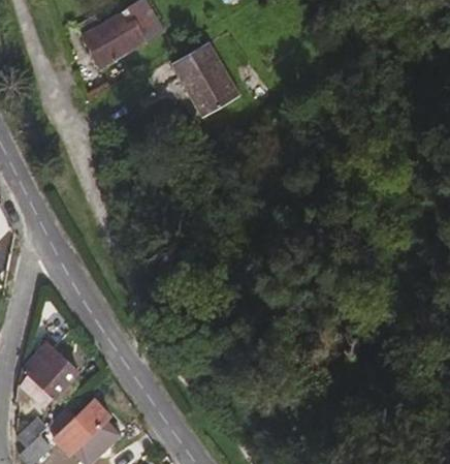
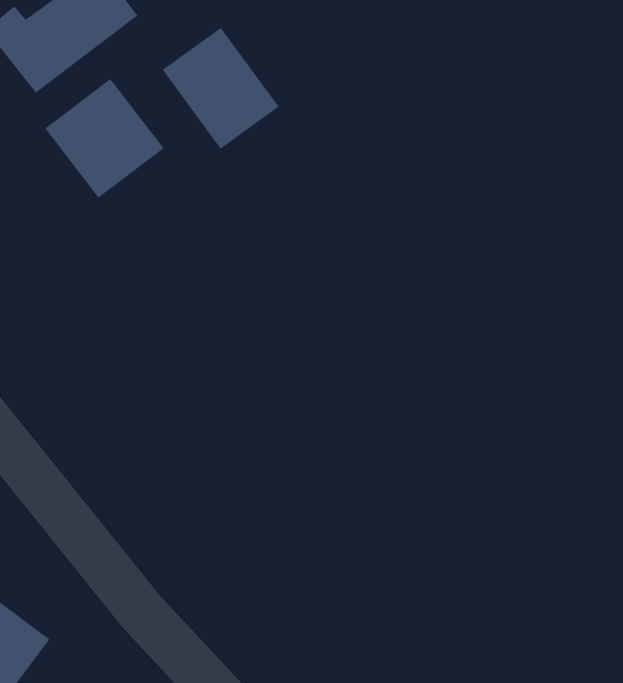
building: none -> [44,78,164,199]

